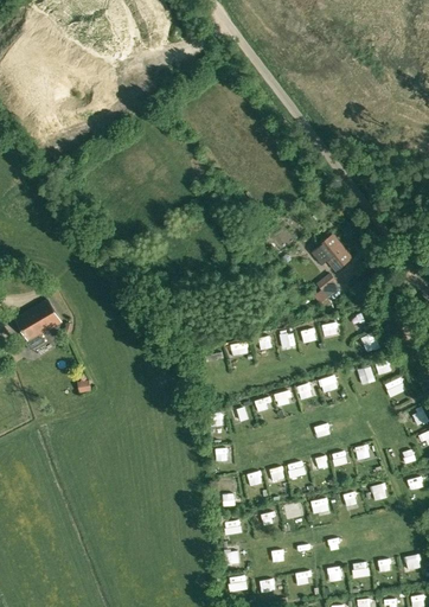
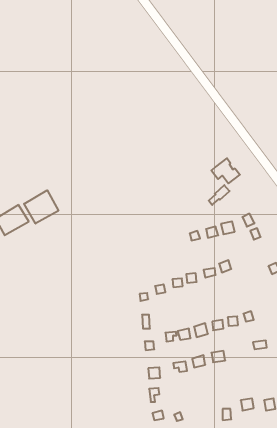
building: none -> [24,190,58,224]

